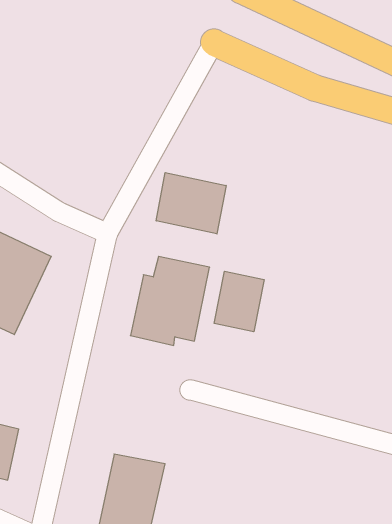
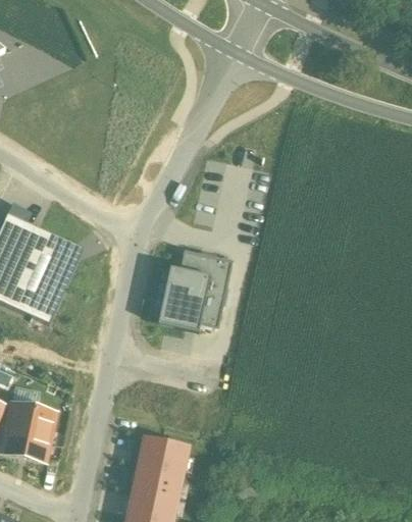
building: [156,173,226,234] -> none
building: [214,271,264,332] -> none

